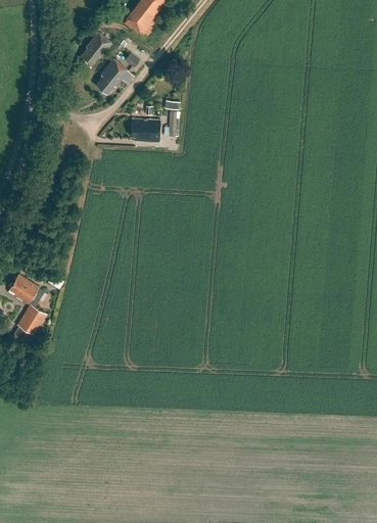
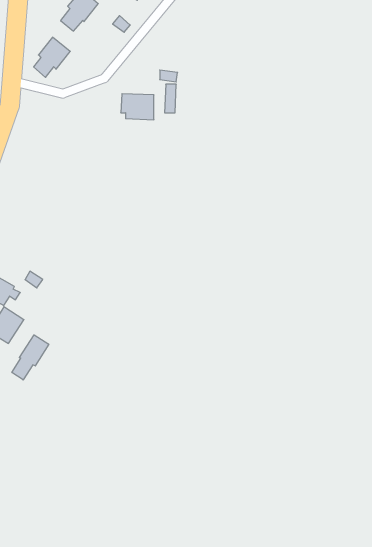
building: [95,59,127,94] -> [34,37,70,77]
building: none -> [12,335,49,380]

